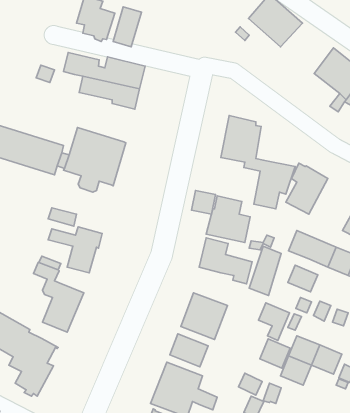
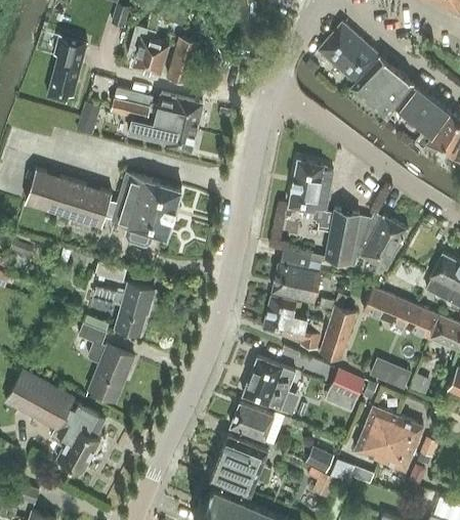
building: none -> [47,37,87,102]
building: none -> [350,56,414,120]
building: [191,191,216,214] -> none
building: [288,265,318,292] -> none
building: [260,339,290,368] -> [380,439,414,472]

